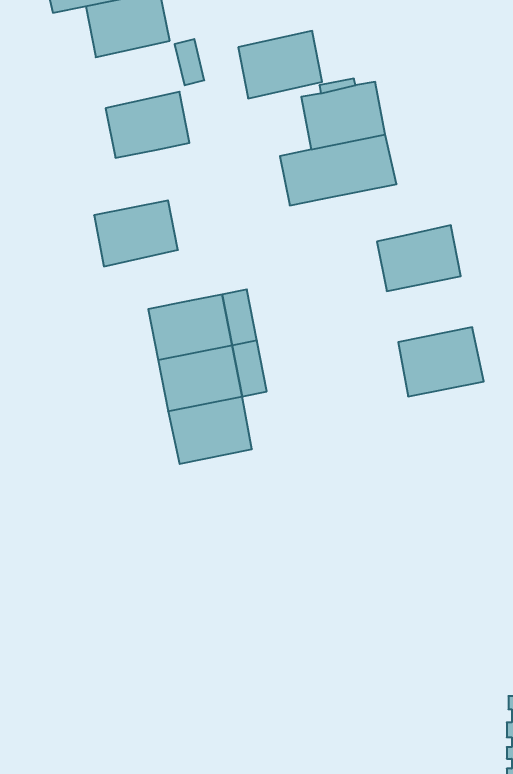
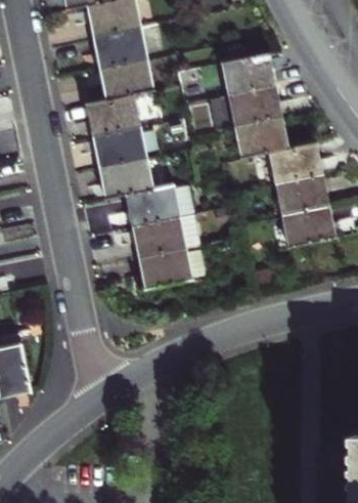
building: [238,31,322,98] -> [94,27,146,69]
building: none -> [87,94,139,135]
building: none -> [235,116,287,157]
building: none -> [99,157,152,199]
building: none -> [275,173,328,214]

